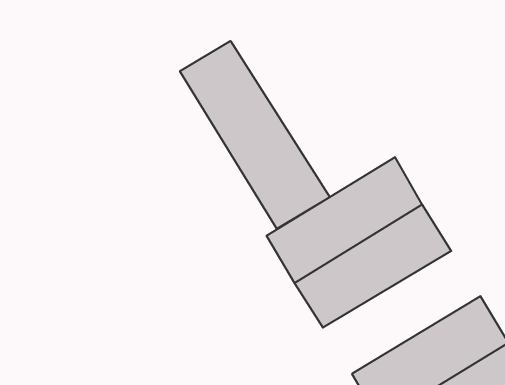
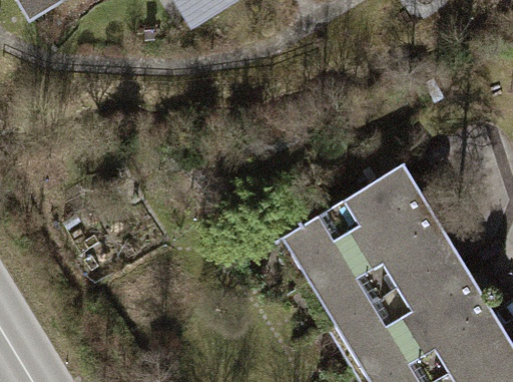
building: [180,41,330,229] -> none
building: none -> [336,251,482,365]

